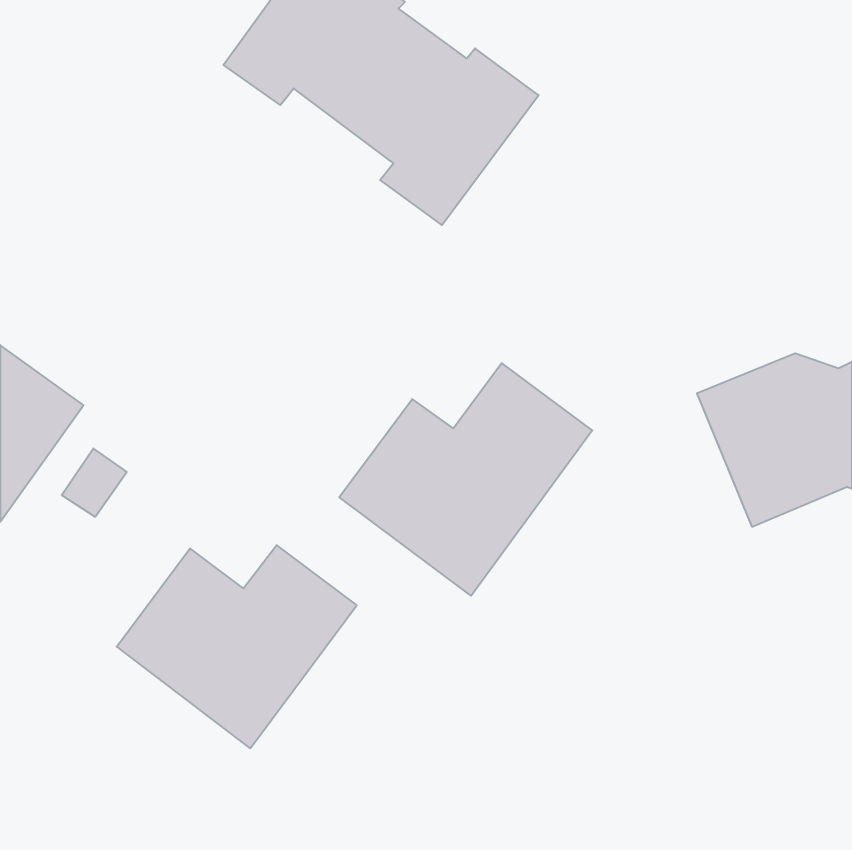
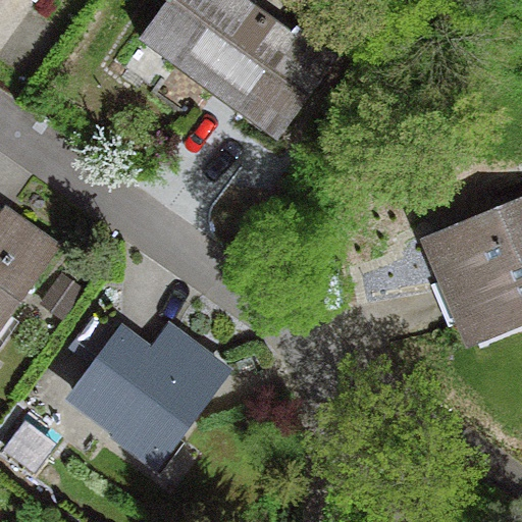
building: [339,363,592,596] -> none

